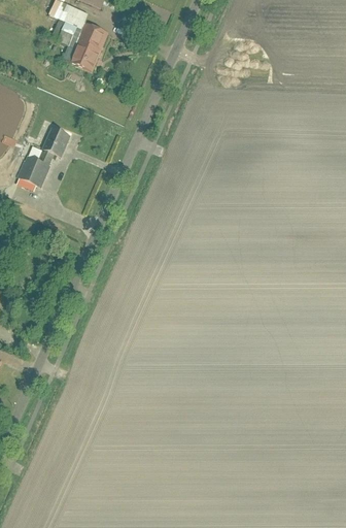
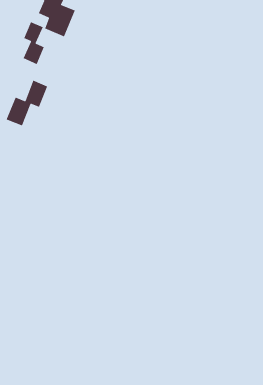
building: none -> [23,21,45,65]

